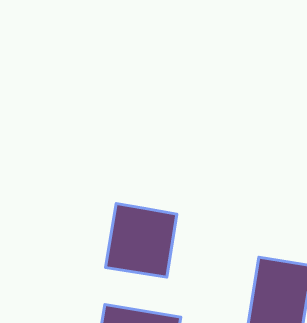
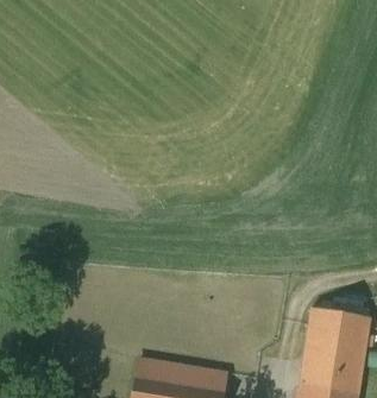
building: [106,203,177,277] -> none

